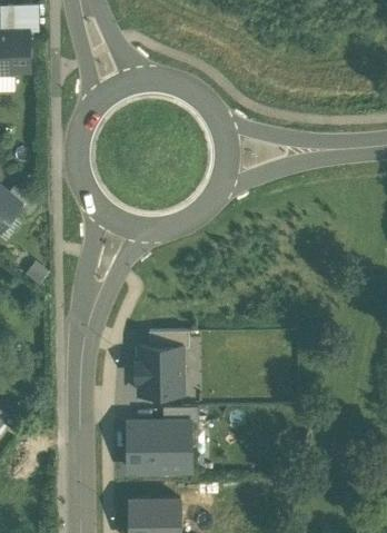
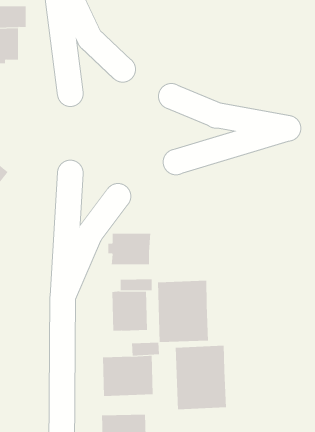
building: none -> [108,233,151,265]
building: none -> [158,280,208,343]
building: none -> [175,345,226,410]

